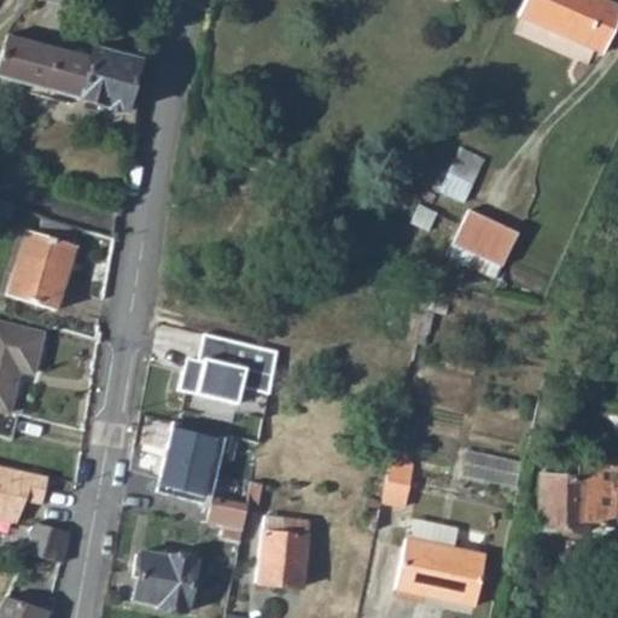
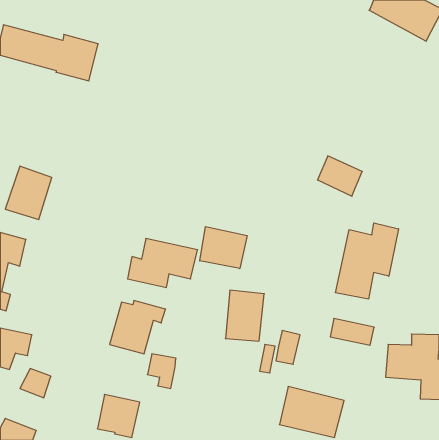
building: [442,144,488,199] -> none
building: none -> [336,223,399,299]
building: none -> [200,227,247,269]
building: [260,517,314,588] -> [225,290,264,341]

